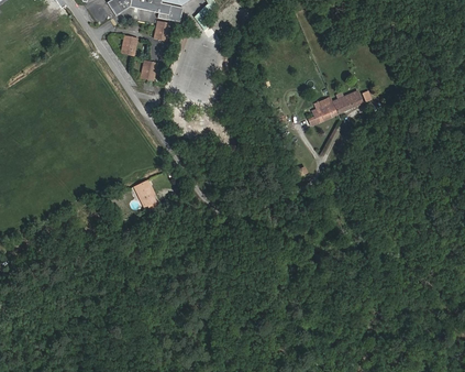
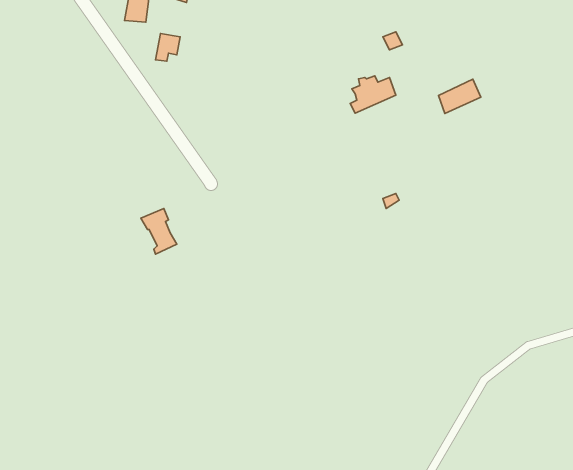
building: [307,100,337,125] -> [350,76,396,113]

